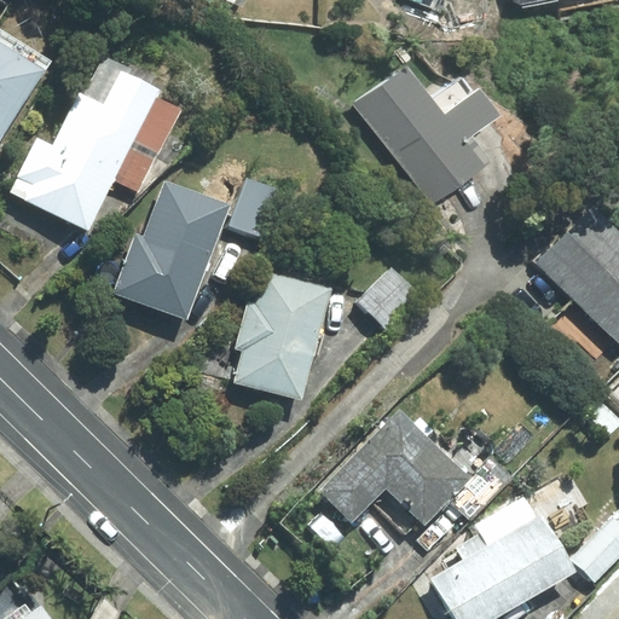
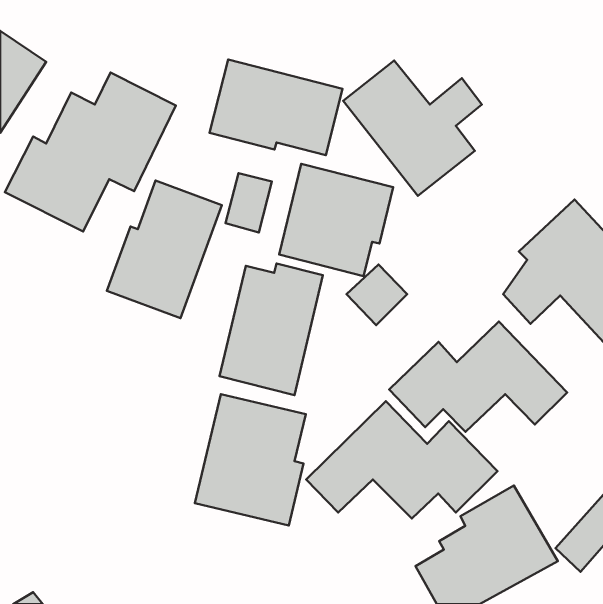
building: none -> [209,59,343,155]
building: none -> [279,164,393,276]
building: none -> [389,321,567,432]
building: none -> [195,394,306,525]

